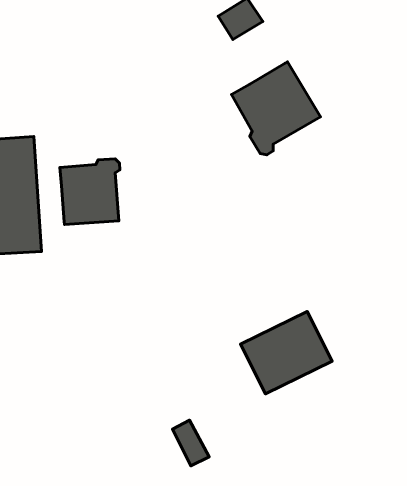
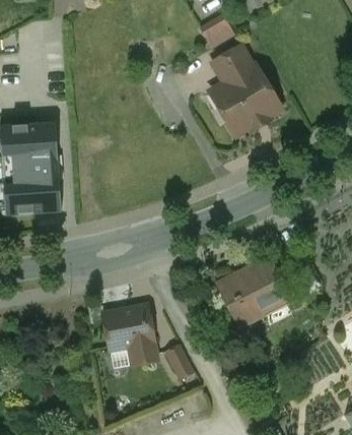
building: none -> [213,47,252,82]
building: [60,159,120,224] -> none
building: none -> [100,304,155,359]

